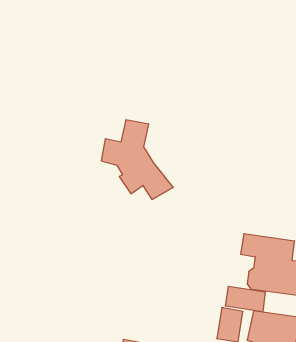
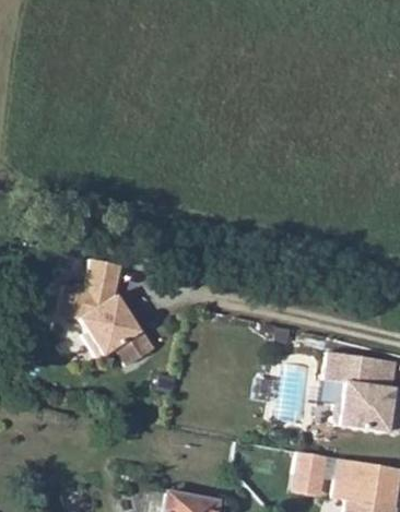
building: [101,120,173,199] -> [59,260,155,366]
building: [225,286,265,312] -> none

